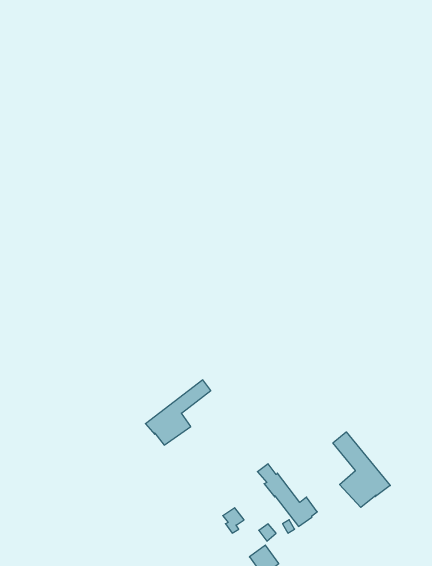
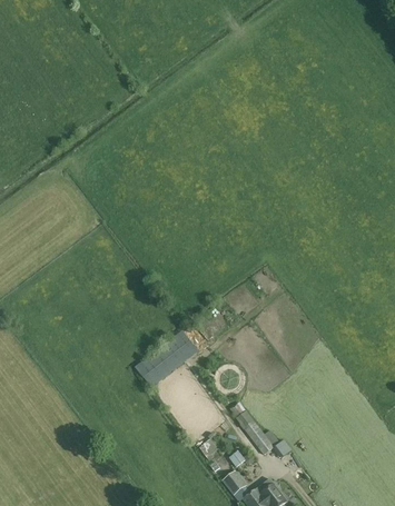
building: [333,432,390,507] -> none

